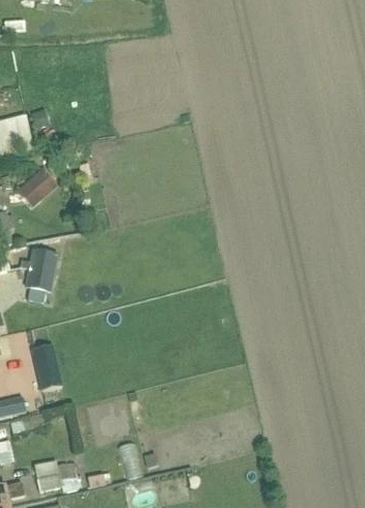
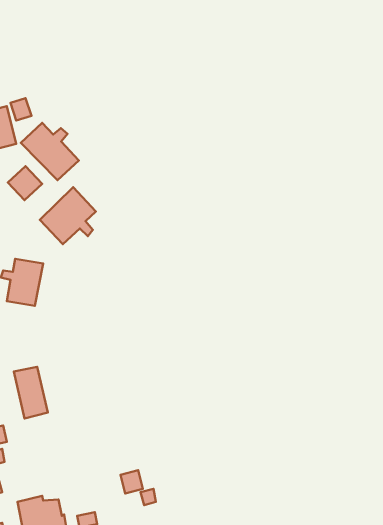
building: none -> [21,123,79,180]
building: none -> [40,187,96,244]

